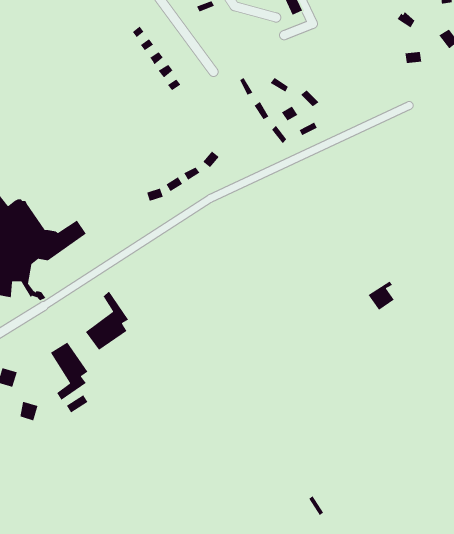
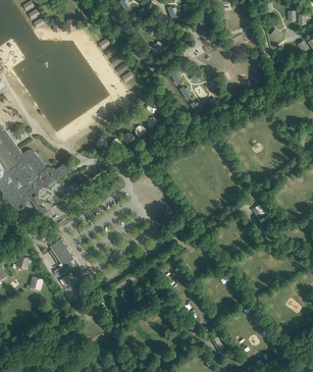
building: [85,291,129,351] -> none

